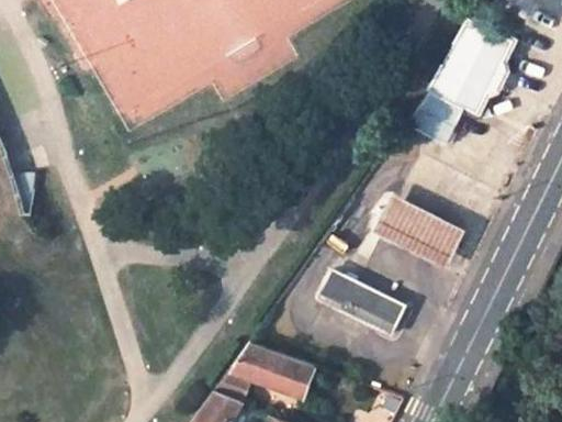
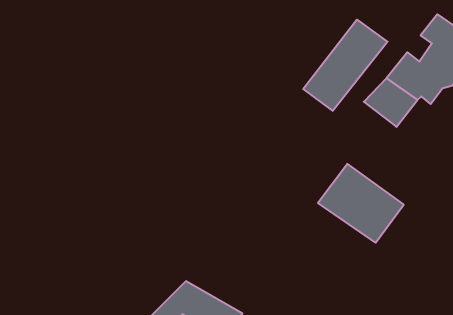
building: none -> [303,20,388,111]
building: [315,270,405,336] -> none

